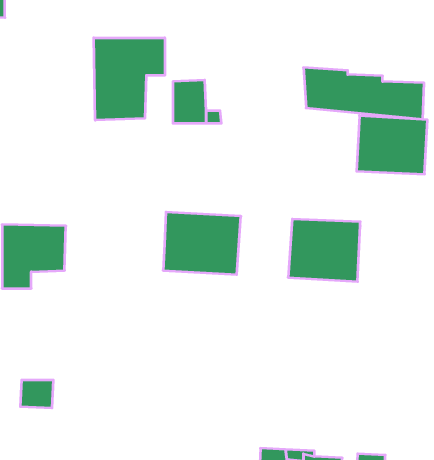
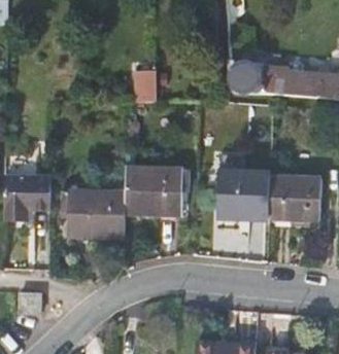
building: [94,38,165,120] -> none
building: [357,116,427,174] -> [268,177,320,220]
building: none -> [66,188,125,236]

